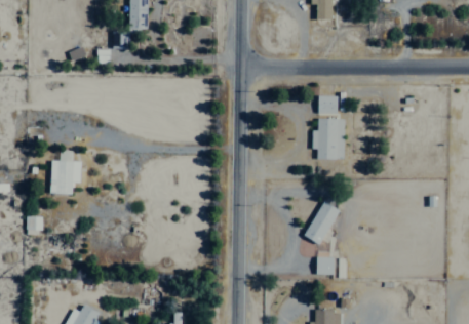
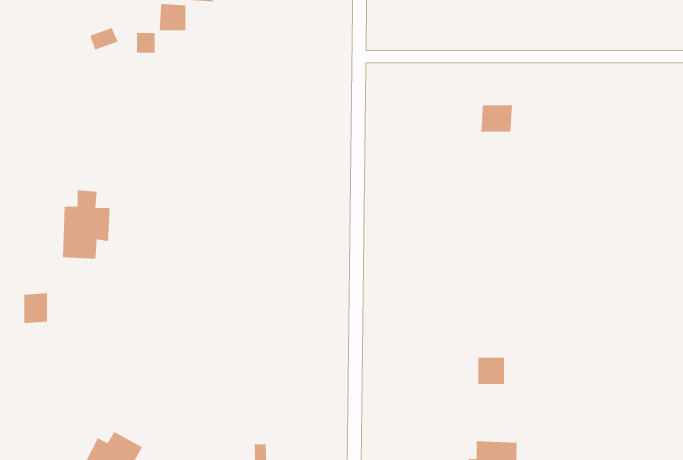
building: [312,118,346,159] -> none
building: [305,201,340,244] -> none

